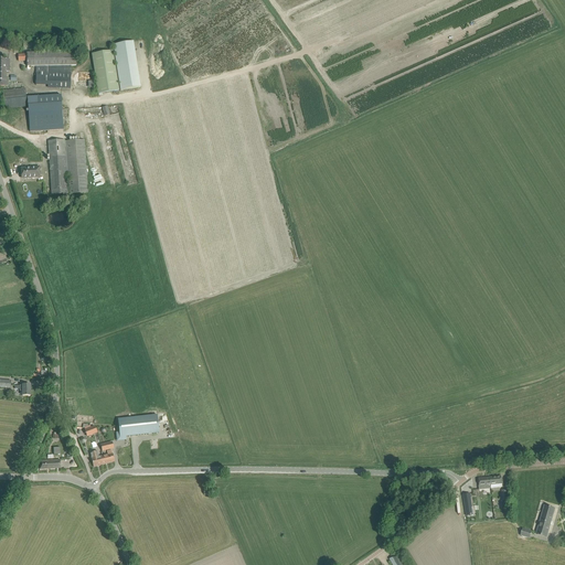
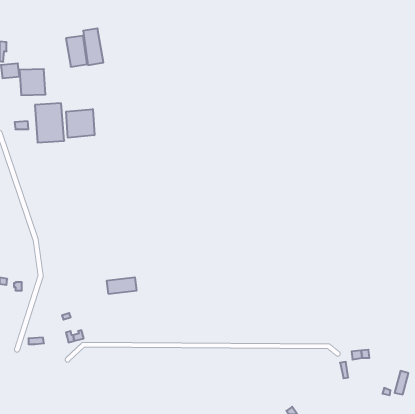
building: [17,50,75,87] -> none
building: none -> [66,109,94,138]
building: [117,413,158,435] -> [107,277,137,294]

